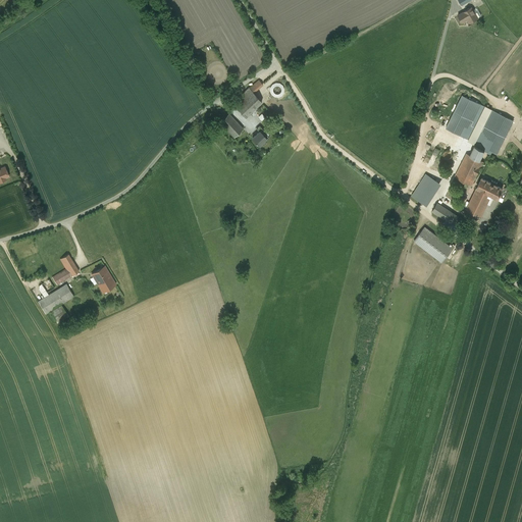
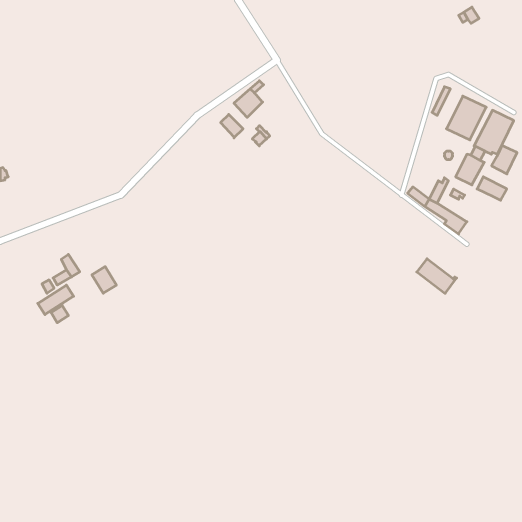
building: [466,189,491,217] -> [492,145,517,174]
building: [414,227,454,262] -> [417,259,457,293]

